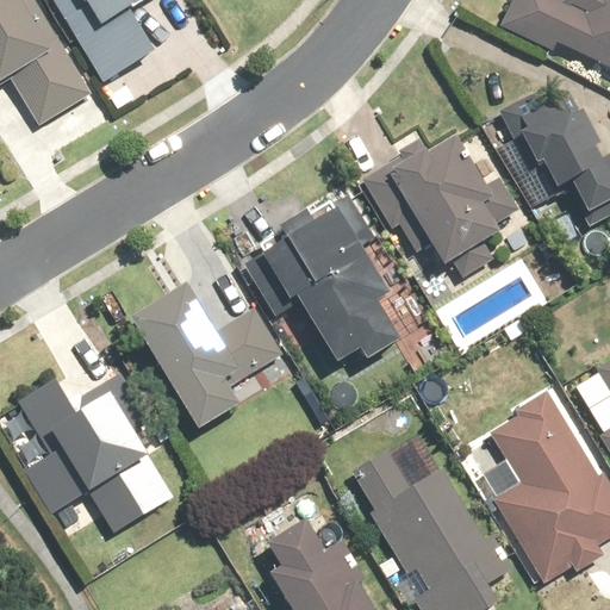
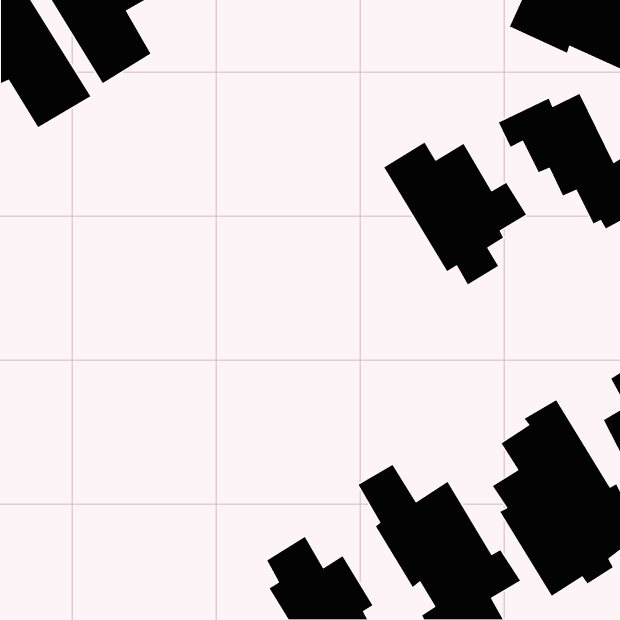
building: [249,193,394,362] -> none
building: [126,286,281,431] -> none
building: [20,367,173,535] -> none

